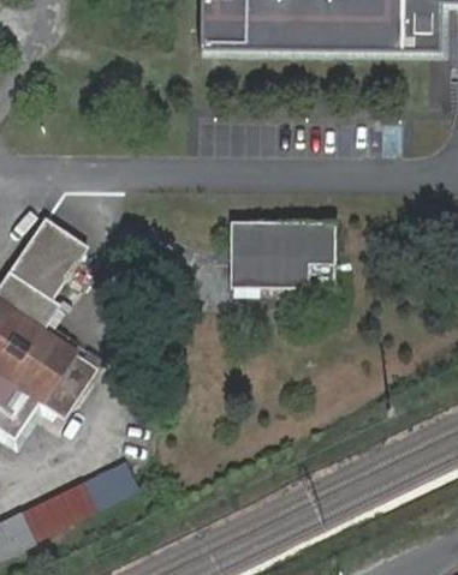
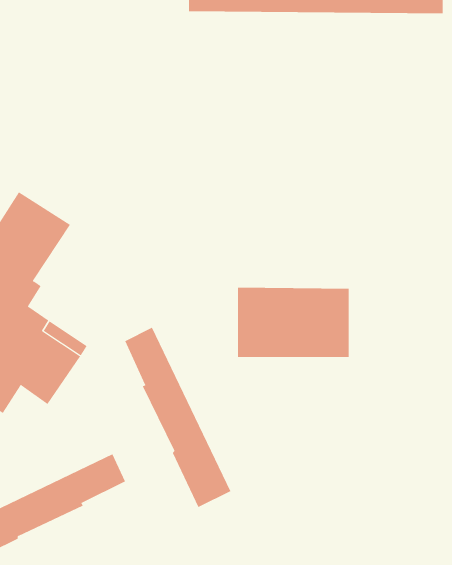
building: [230,218,335,284] -> [237,287,350,357]
building: none -> [124,327,231,508]

